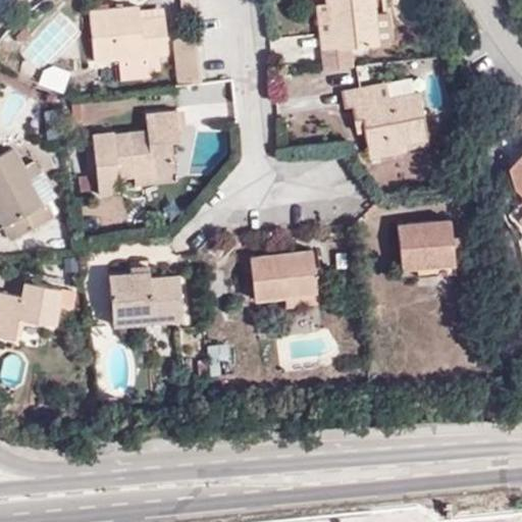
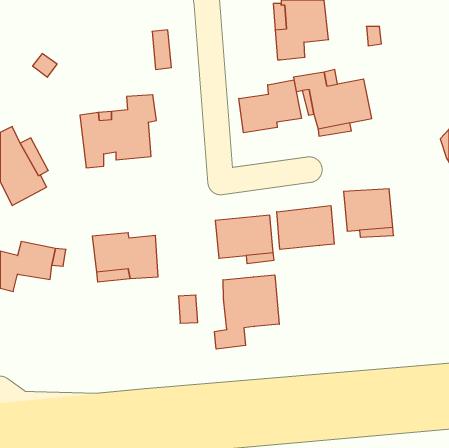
building: [90,7,168,82] -> none
building: none -> [239,80,301,133]
building: none -> [277,206,334,249]
building: none -> [215,275,279,349]

